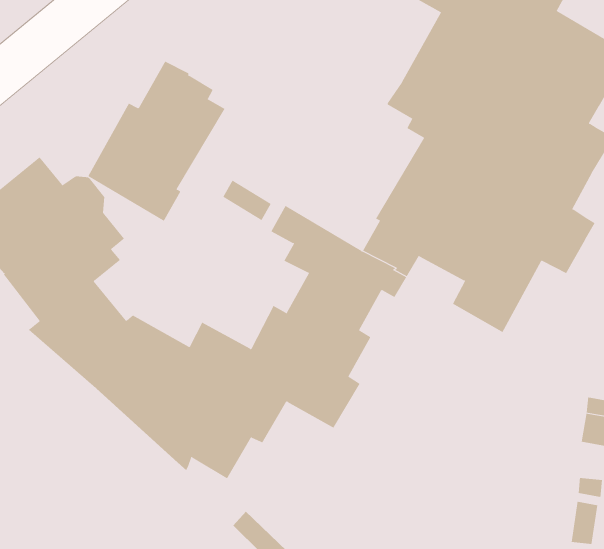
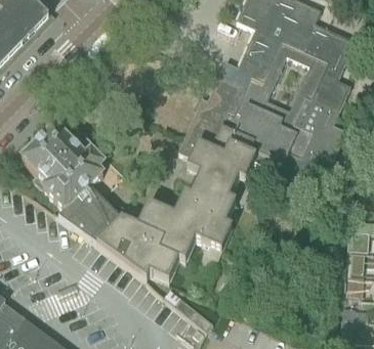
building: [87,61,225,222] -> [184,73,252,156]

